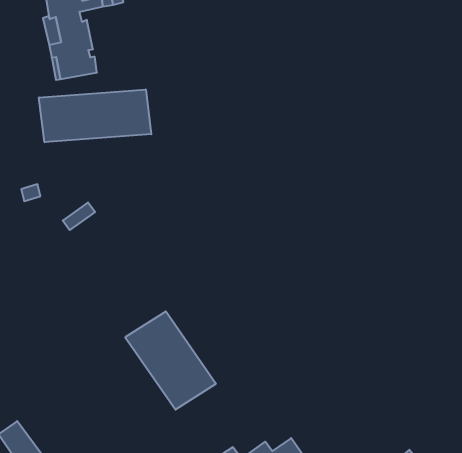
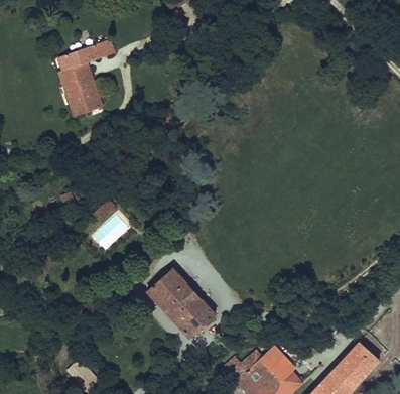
building: [39,89,151,142] -> none

